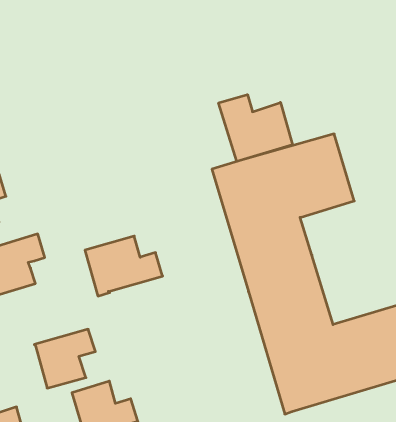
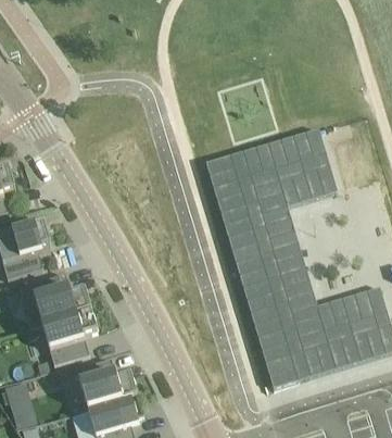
building: [219,95,292,161] -> none
building: [85,236,163,296] -> [18,274,90,329]

